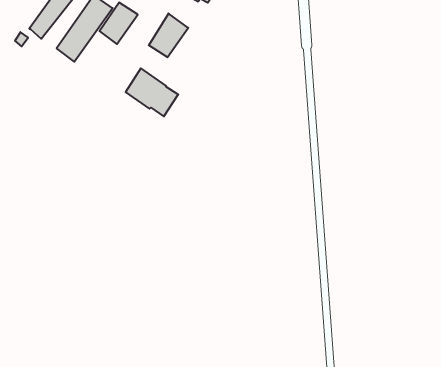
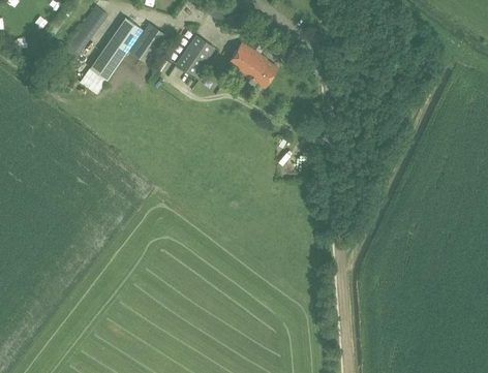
building: [126,68,178,116] -> [227,41,277,87]

